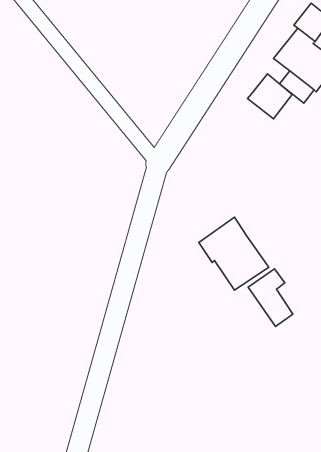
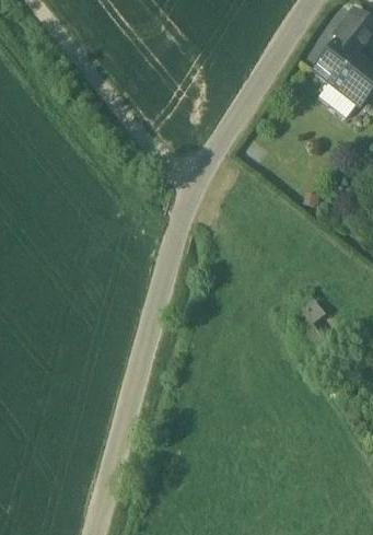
building: [248,74,292,119] -> none
building: [199,217,269,290] -> none

